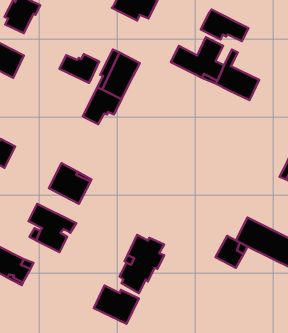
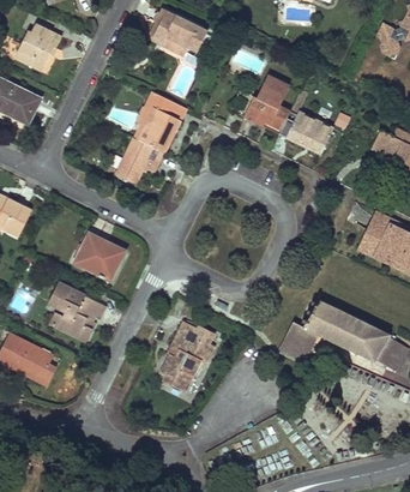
building: [201,9,248,41] -> none
building: [59,54,99,83] -> none
building: [94,285,139,324] -> none

